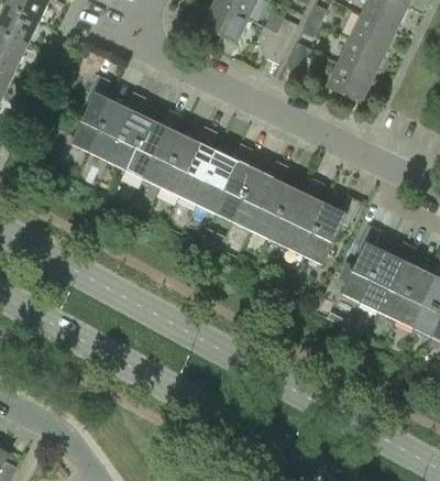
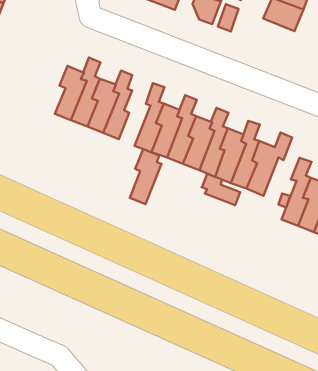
building: [326,61,373,102] -> none
building: [70,74,110,152] -> none
building: [161,132,200,196] -> [130,149,162,204]
building: none -> [202,174,240,205]

